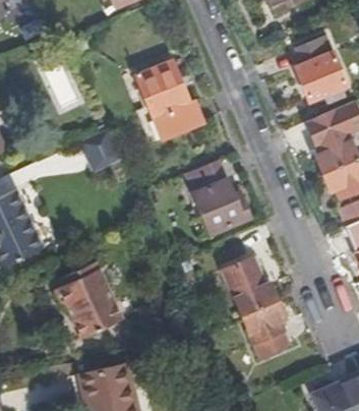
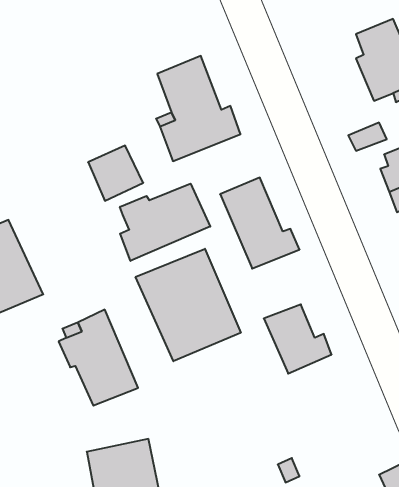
building: none -> [120,184,210,261]
building: none -> [136,249,241,361]
building: [241,298,287,355] -> none

